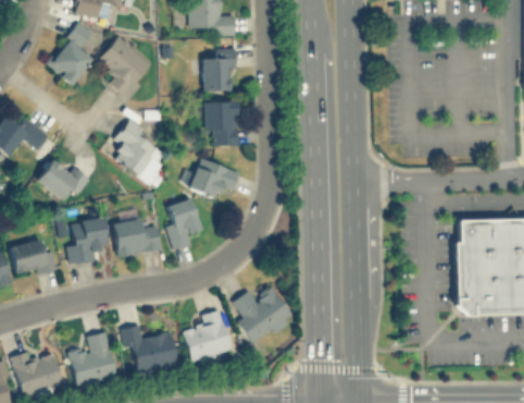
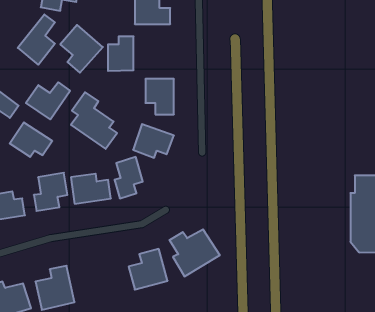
building: [203,48,235,90] -> [108,36,134,71]
building: none -> [26,82,70,119]
building: [121,325,178,371] -> none

